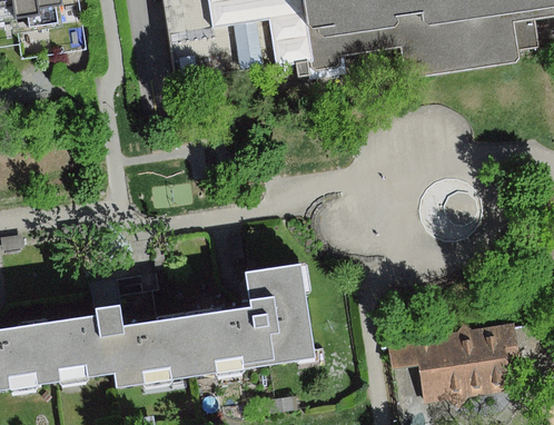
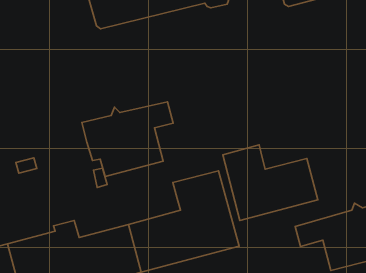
building: none -> [82,102,173,176]
building: none -> [223,145,318,221]

